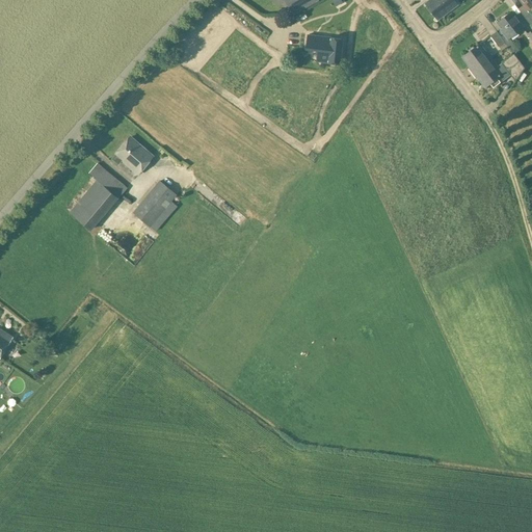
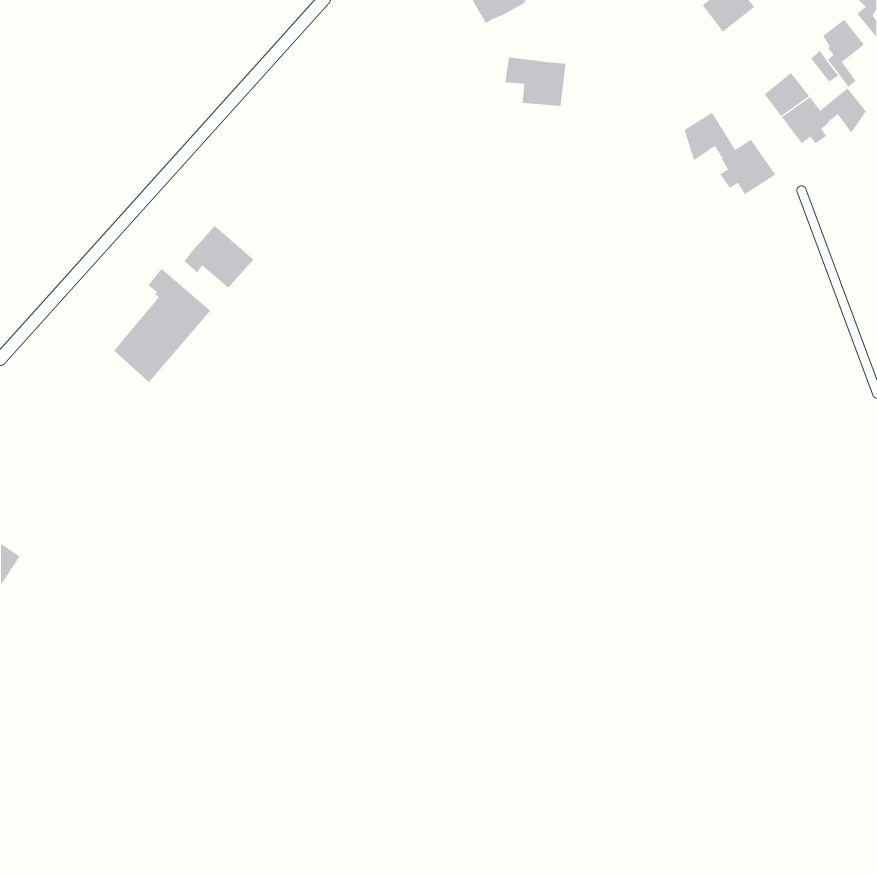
building: none -> [684,112,776,195]
building: [132,180,178,232] -> none

